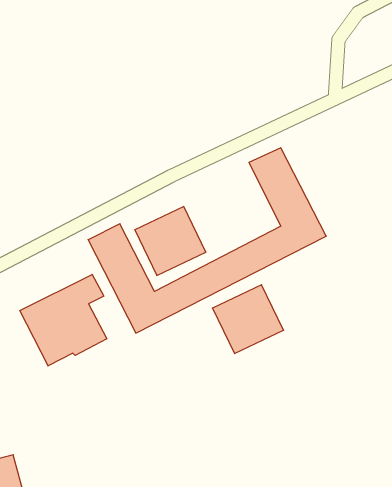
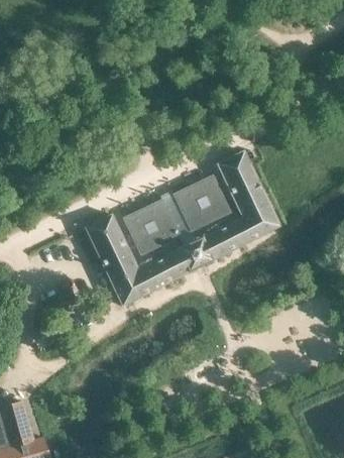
building: [20,274,107,366] -> none
building: [212,285,284,354] -> [173,174,231,230]

